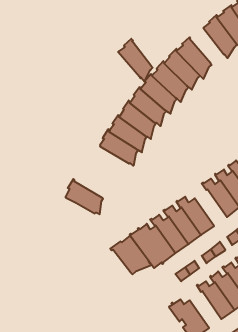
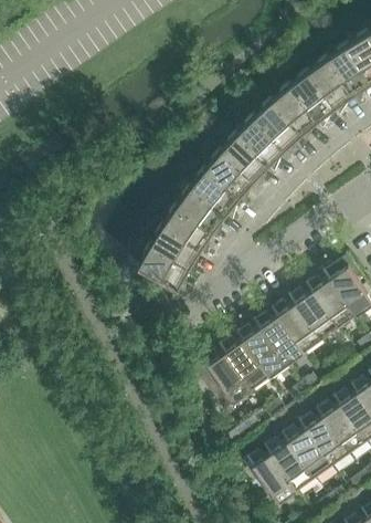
building: [118,39,153,82] -> [268,83,315,140]
building: [65,179,103,214] -> [136,242,187,290]
building: none -> [268,301,319,353]
building: [110,236,151,274] -> none
building: none -> [261,439,311,490]

